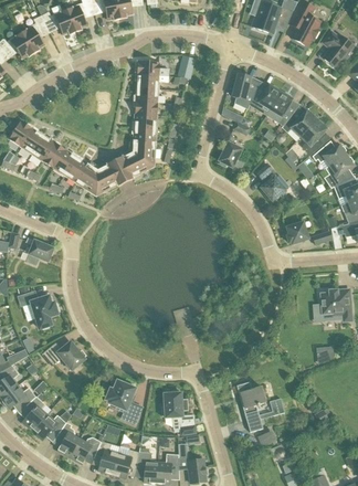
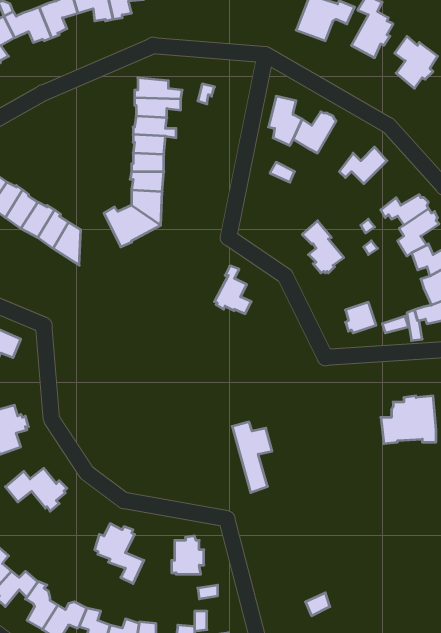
building: [266,91,293,130] -> none
building: [299,119,326,154] -> none
building: [218,135,244,169] -> [214,266,251,314]
building: [95,157,125,194] -> none
building: [236,381,265,432] -> [232,422,272,493]

